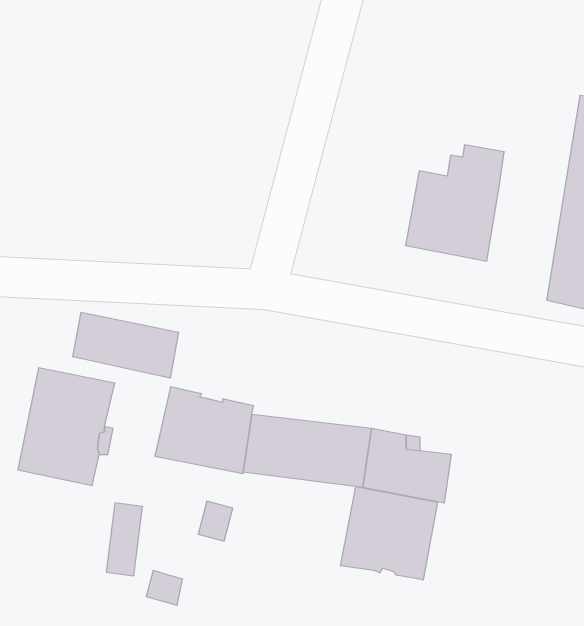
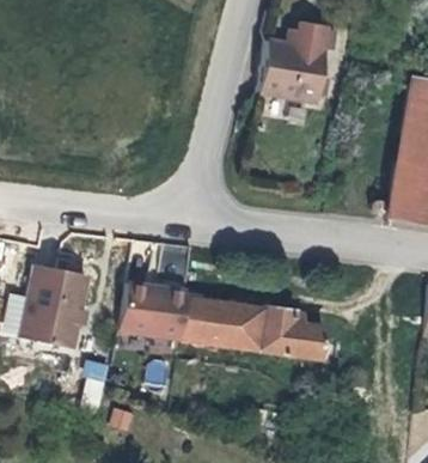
building: [405,145,504,261] -> [257,22,325,102]
building: [73,312,179,378] -> none
building: [340,486,438,580] -> none

